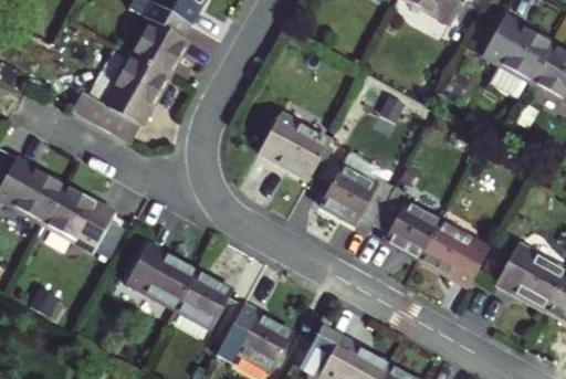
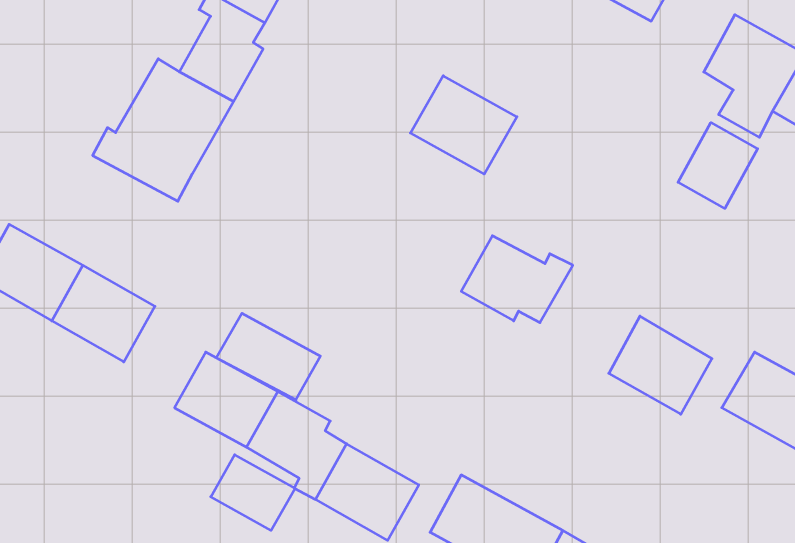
building: none -> [678,123,758,208]
building: [258,113,329,179] -> [410,76,517,174]
building: [374,186,441,259] -> none
building: none -> [216,313,320,400]
building: none -> [211,455,295,530]

